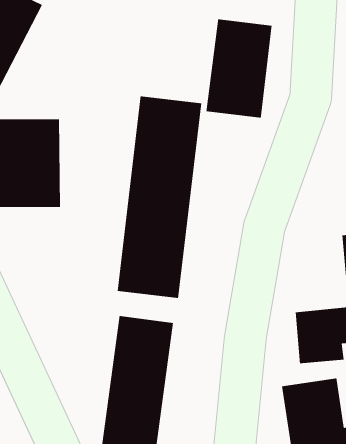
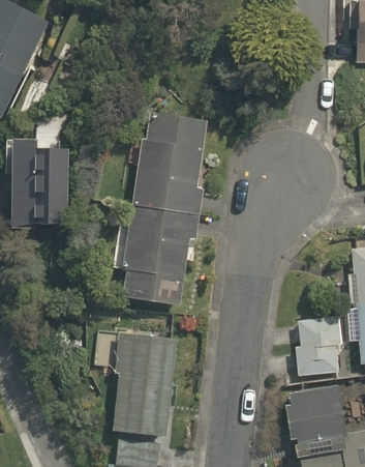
building: [206,19,272,118] -> none

